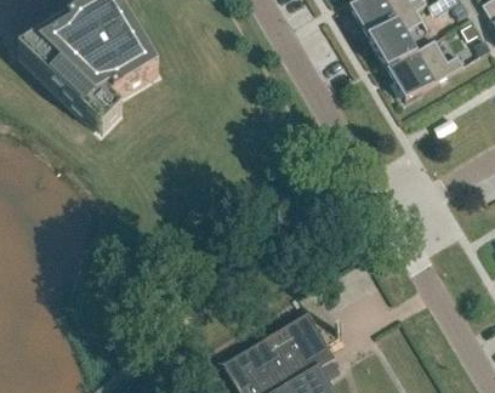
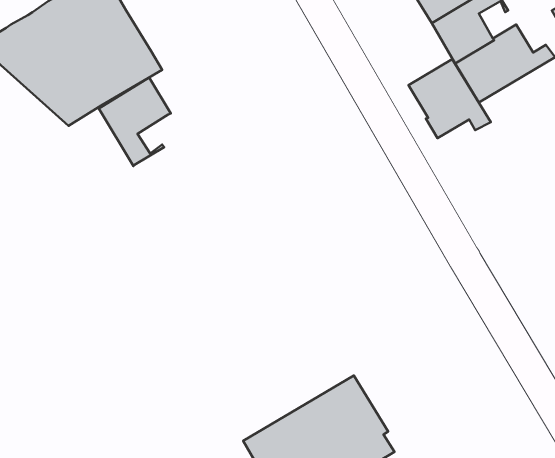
building: none -> [409,59,491,138]
building: none -> [99,77,171,166]

